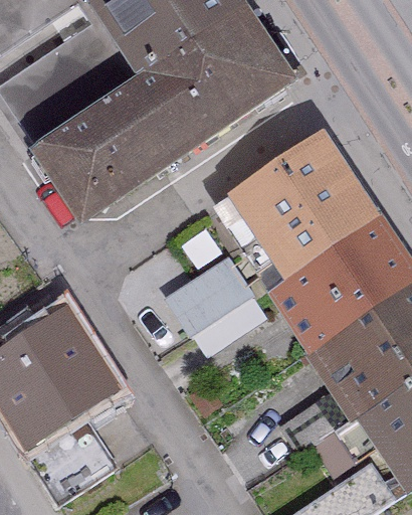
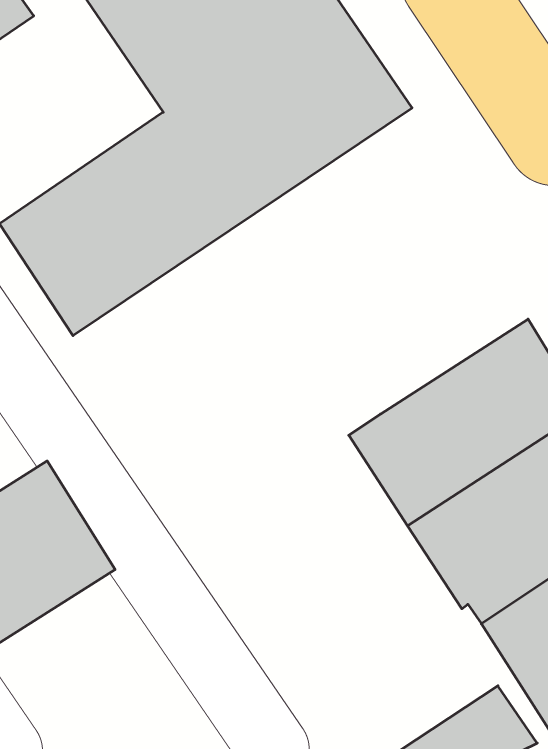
building: [229,127,384,277] -> none
building: [160,252,261,352] -> none

